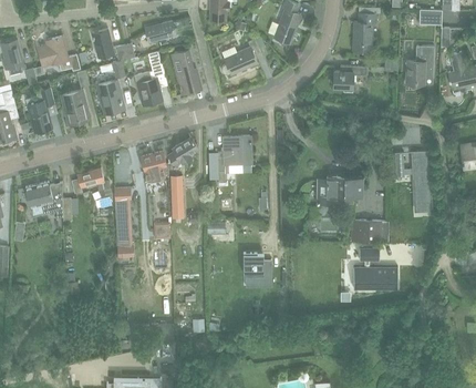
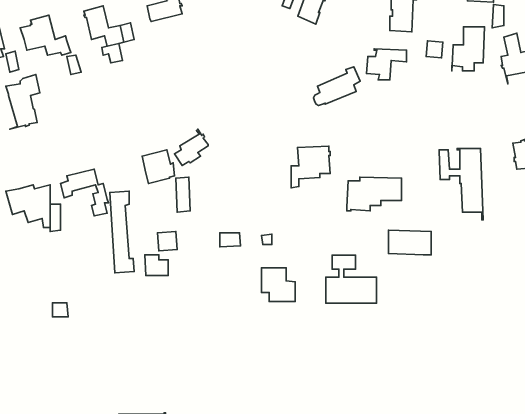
building: [220,42,260,75] -> [313,67,360,106]
building: [170,50,200,94] -> none
building: [135,51,167,104] -> none
building: [96,80,123,114] -> none
building: [61,90,89,122] -> none
building: [217,136,250,172] -> [291,146,330,188]
building: [353,248,396,289] -> [326,255,376,303]

